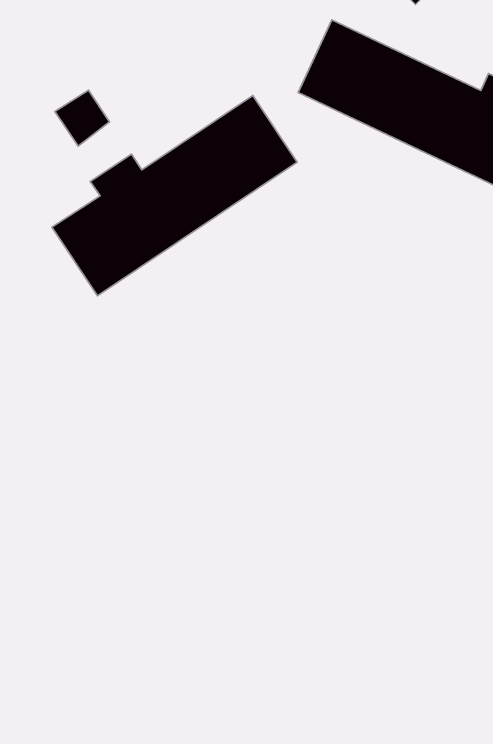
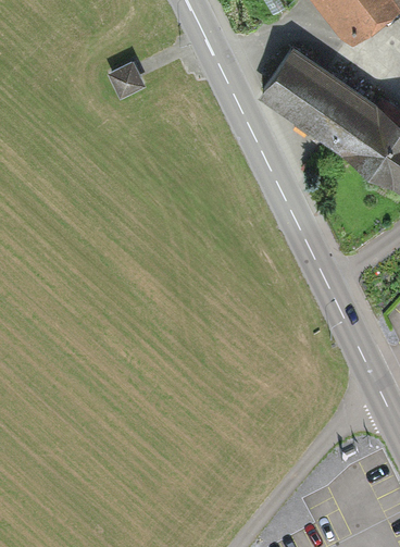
building: [52,96,297,296] -> none

